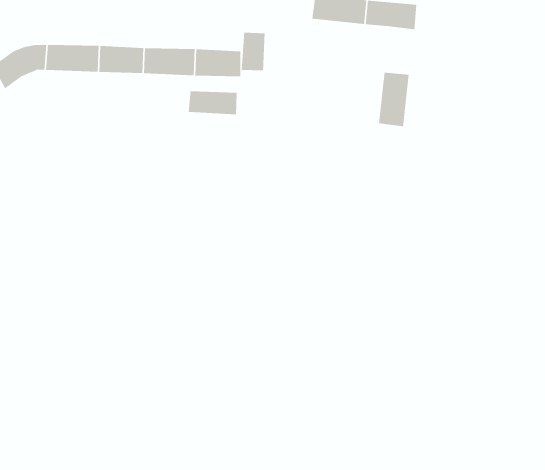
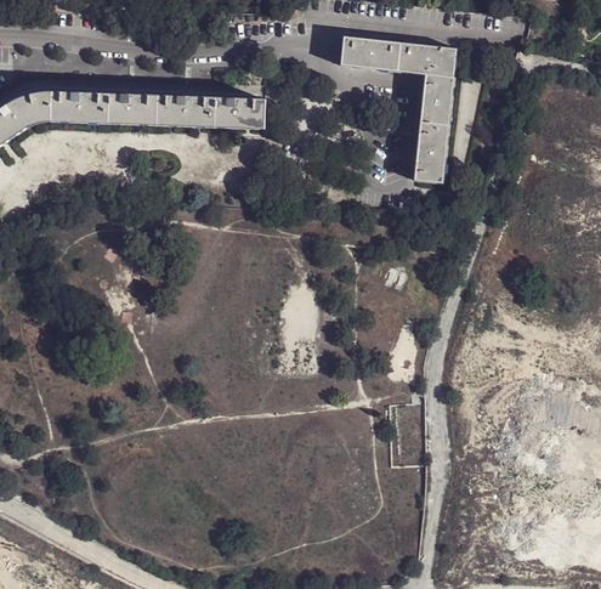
building: none -> [420,73,454,125]
building: [241,32,265,71] -> none
building: [188,90,237,115] -> none

